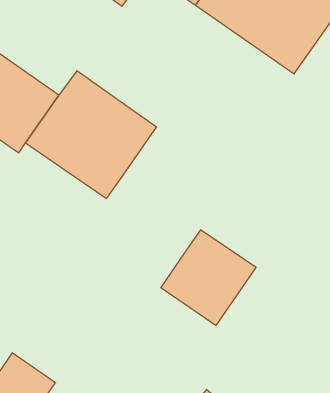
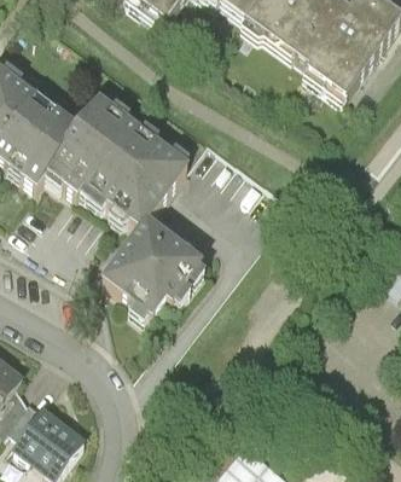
building: [161,230,256,325] -> [107,220,211,324]

